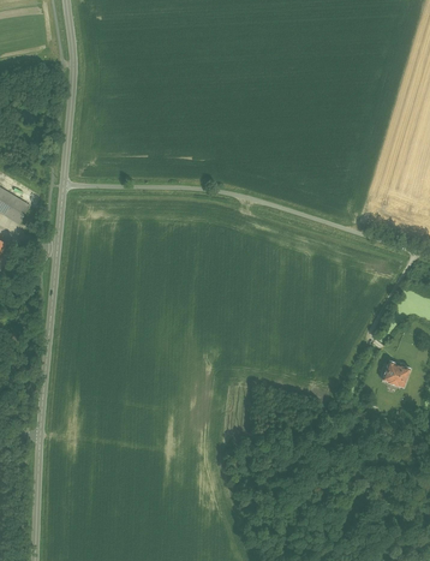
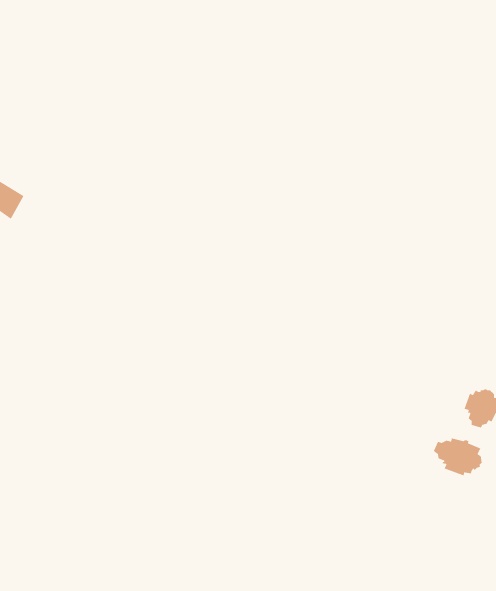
building: none -> [433,437,483,476]

